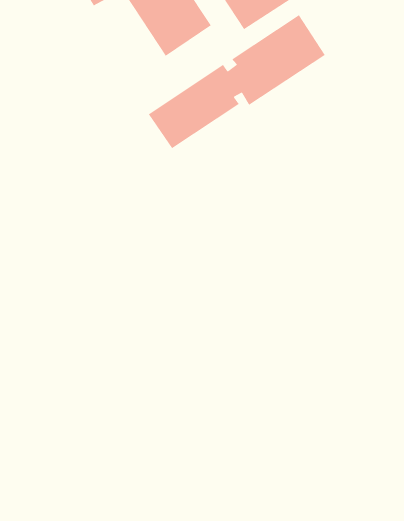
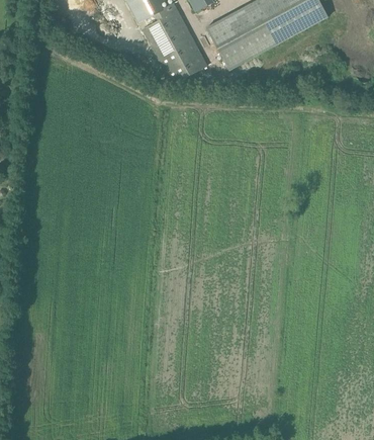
building: [148,14,326,149] -> none

